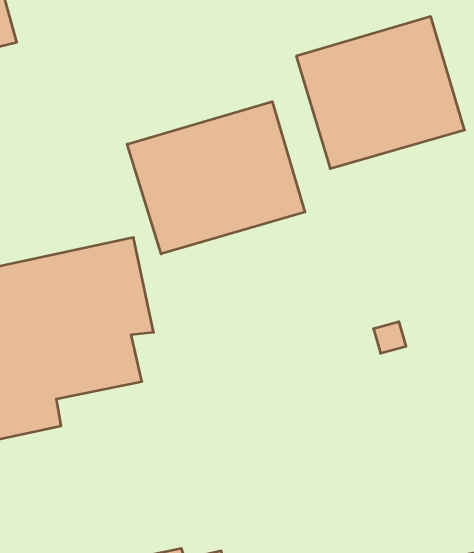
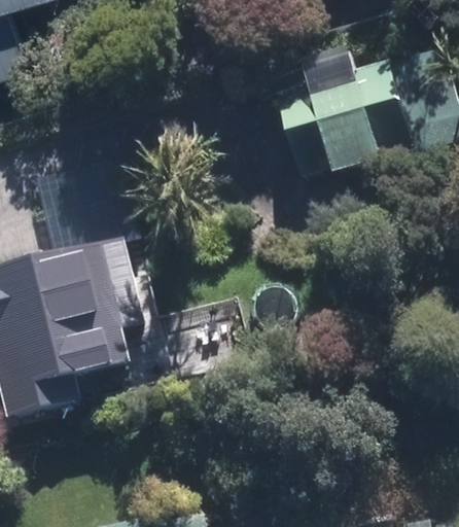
building: [127,102,305,254] -> none

